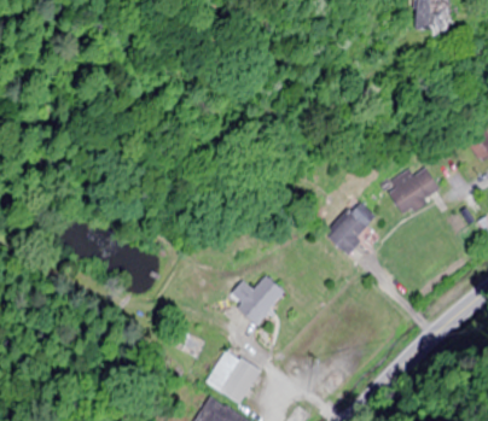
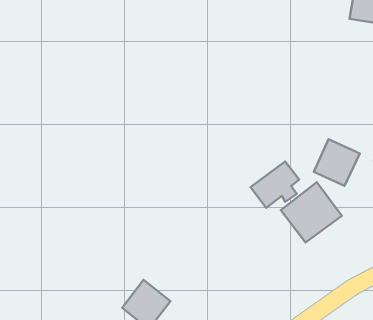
building: none -> [281,182,342,242]
building: [226,275,284,324] -> none

